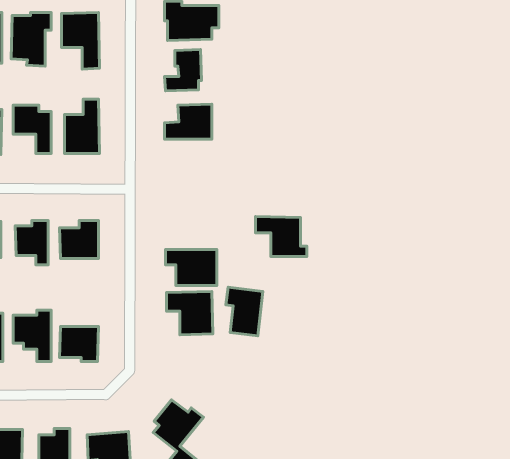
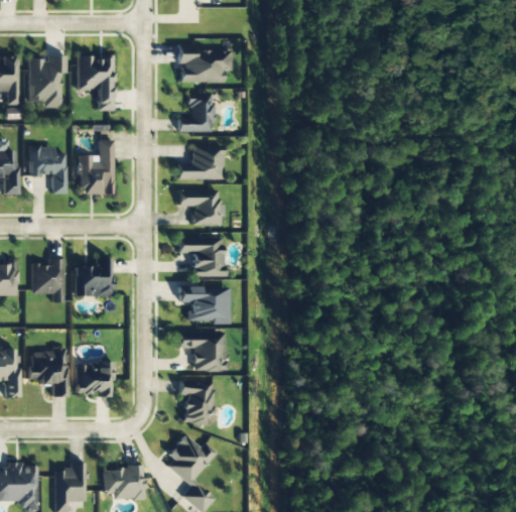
building: none -> [177,189,220,226]
building: [255,216,307,257] -> [176,237,227,276]
building: [226,287,263,336] -> [177,378,214,425]

